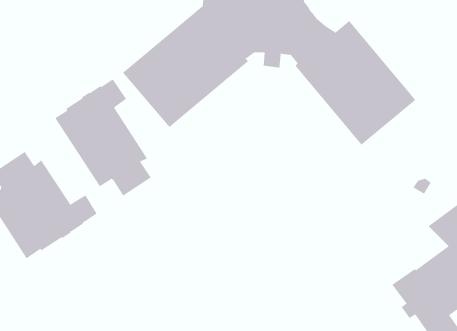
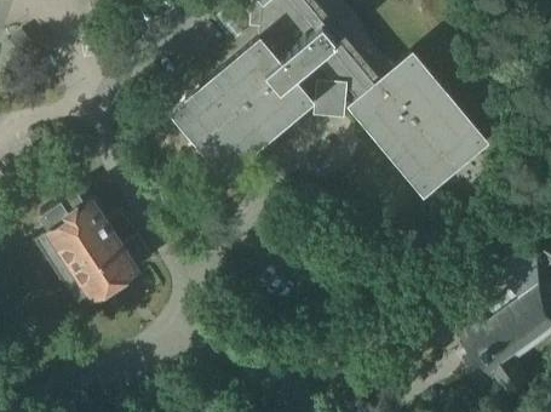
building: [55,78,151,196] -> none

